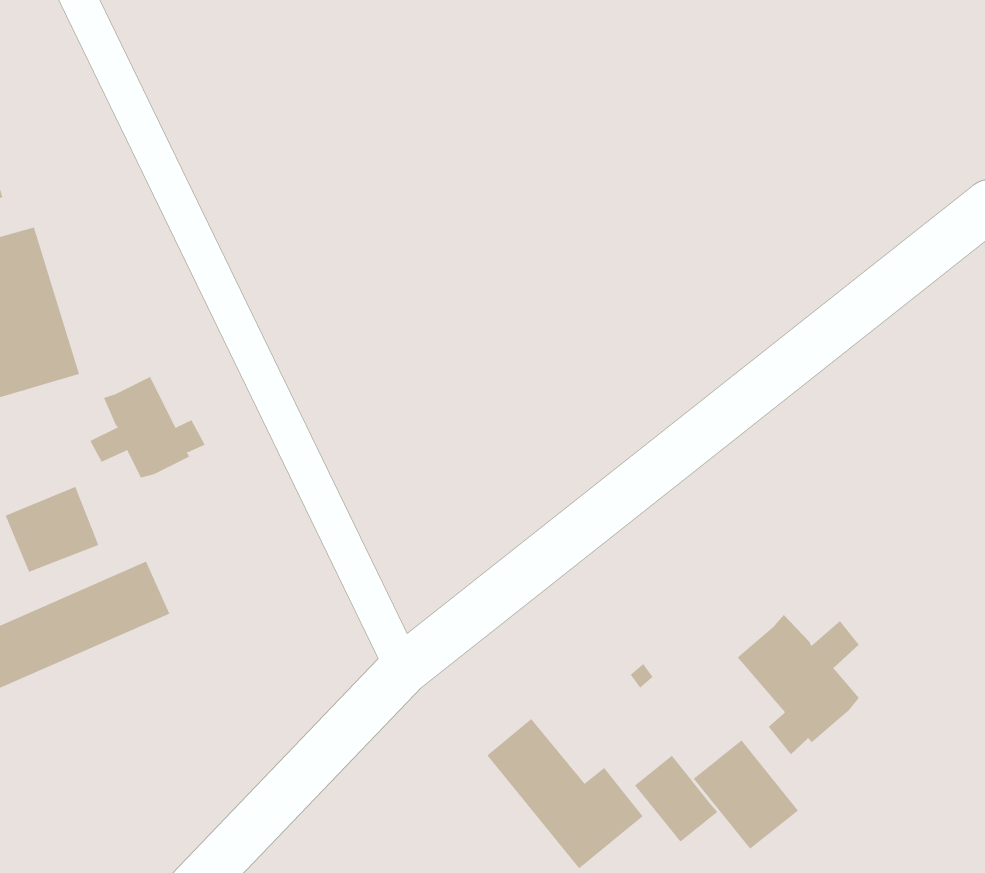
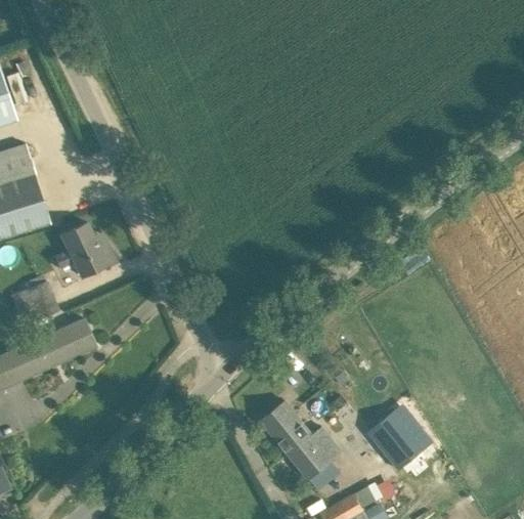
building: [737,614,859,755] -> none
building: [634,755,718,843] -> none

